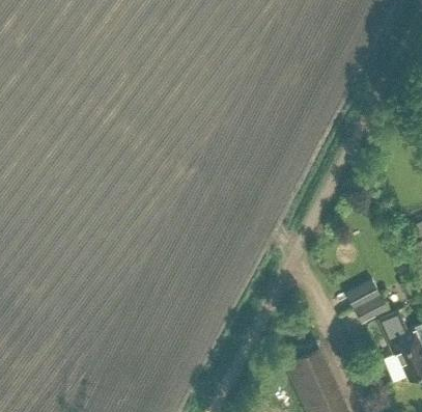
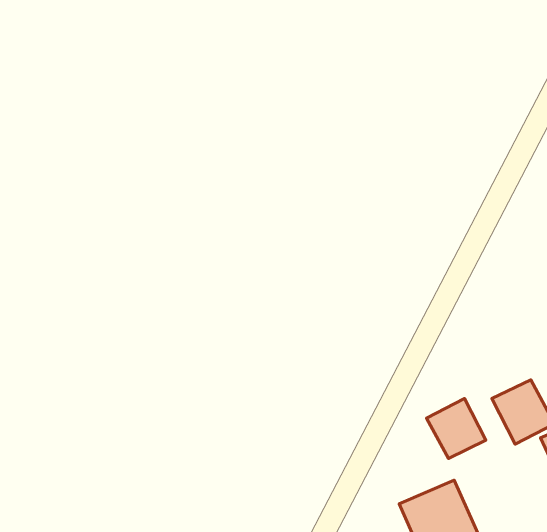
building: none -> [426,398,486,459]

